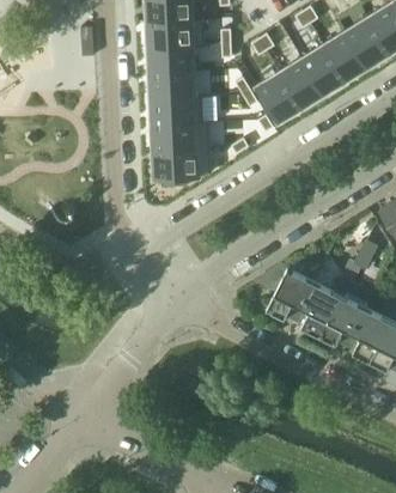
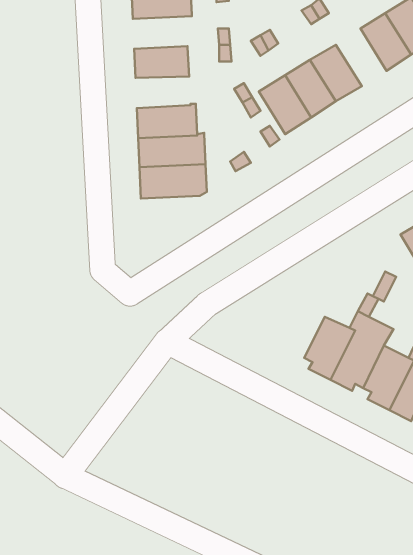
building: [146,18,205,48] -> none
building: [323,30,367,80] -> none
building: [148,72,196,99] -> none
building: [257,268,313,321] -> none

